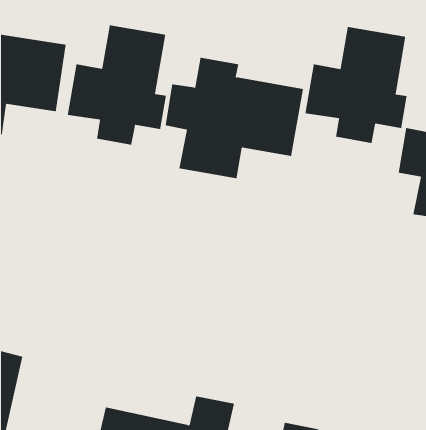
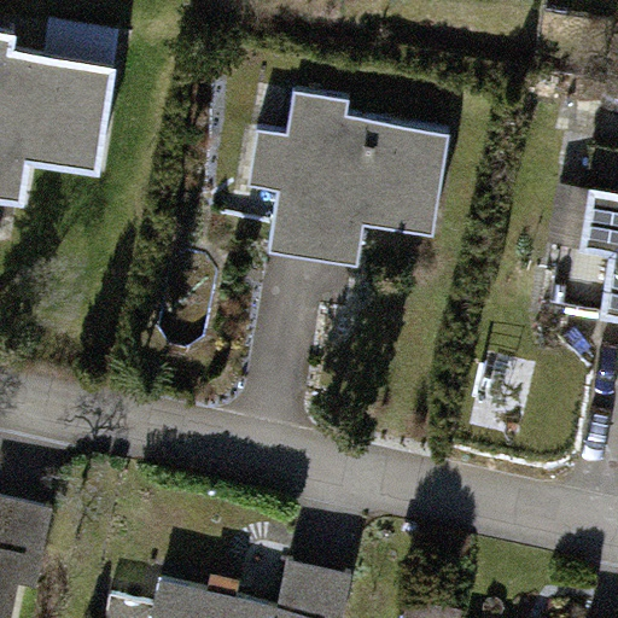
building: [67,24,166,146] -> none
building: [305,26,407,144] -> none

